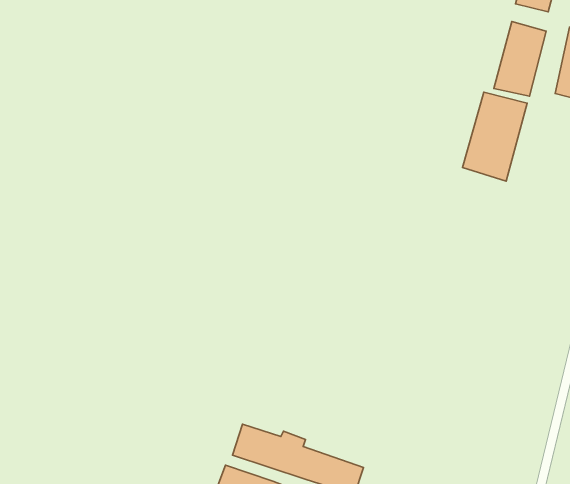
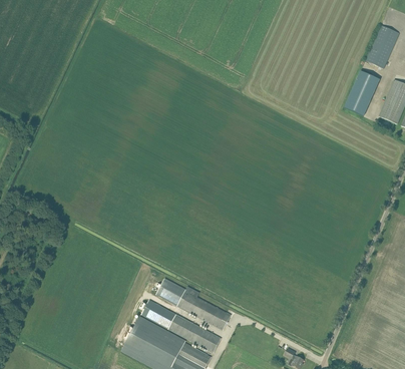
building: [463,92,527,181] -> none

